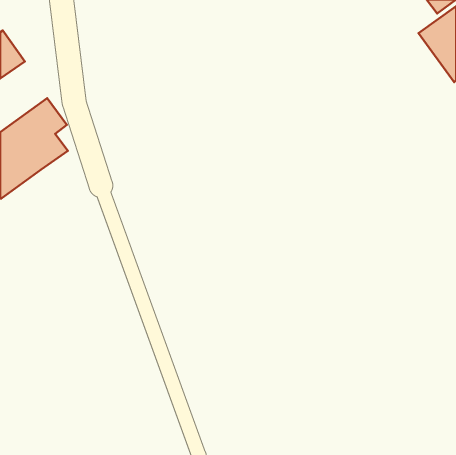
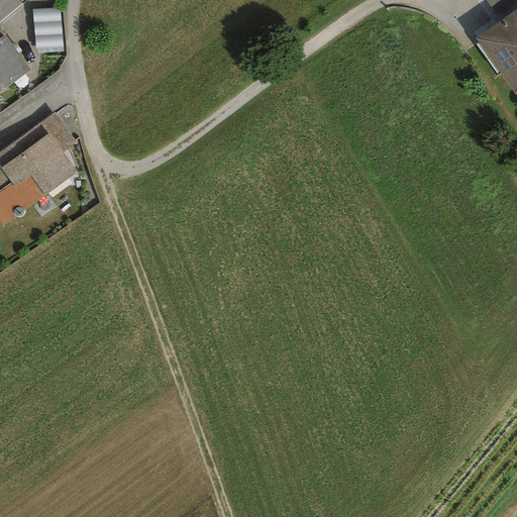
building: none -> [31,6,62,47]

